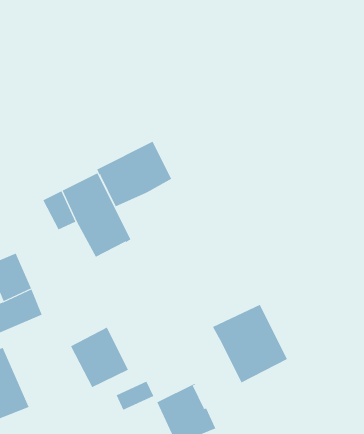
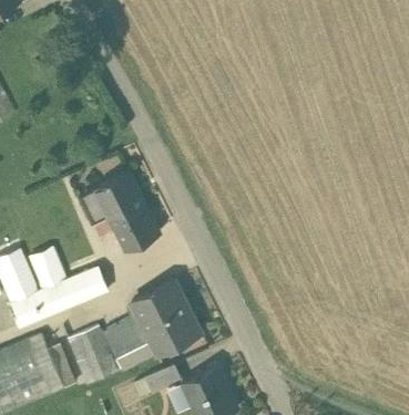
building: [96,141,172,207] -> none
building: none -> [68,267,108,303]
building: [212,304,288,383] -> [131,281,201,354]
building: none -> [69,326,117,385]

